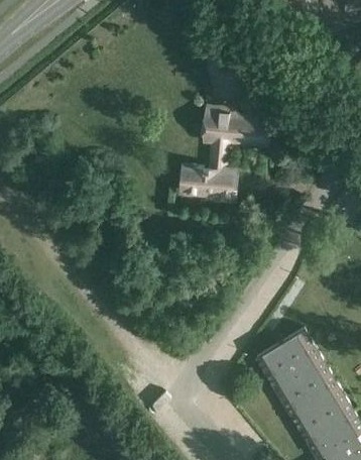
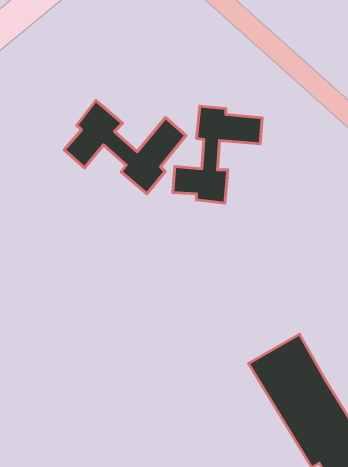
building: none -> [64,101,186,194]

